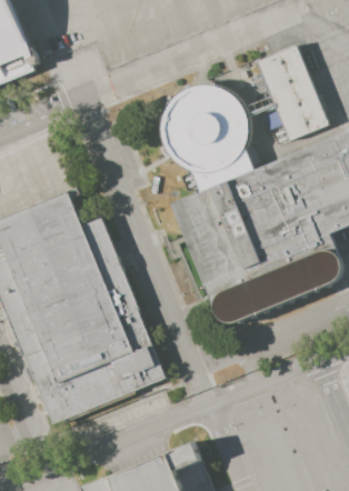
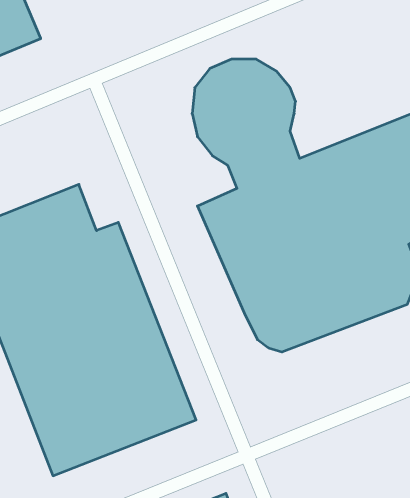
building: [251,46,327,144] -> none

